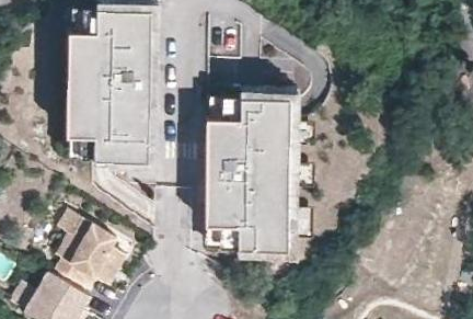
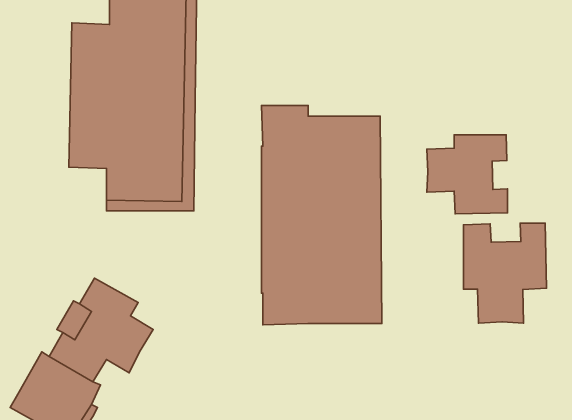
building: none -> [427,135,508,214]
building: none -> [463,223,547,323]

